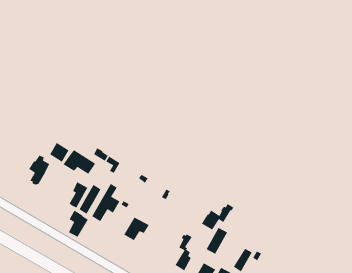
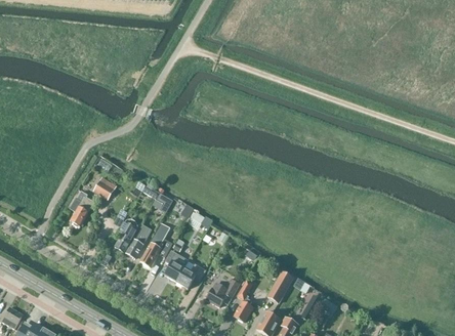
building: [63,149,96,175] -> none
building: [201,203,235,230] -> [205,275,243,305]
building: [68,210,89,238] -> [164,249,188,281]

